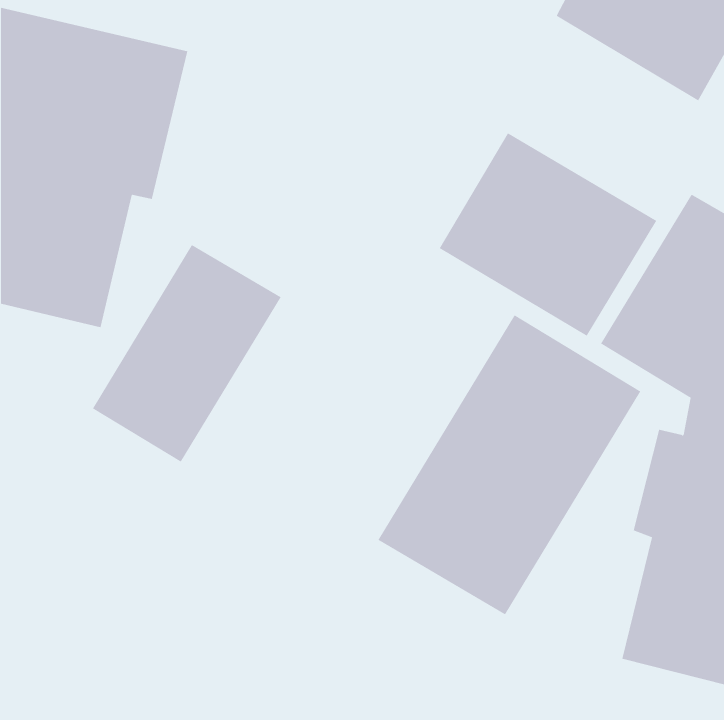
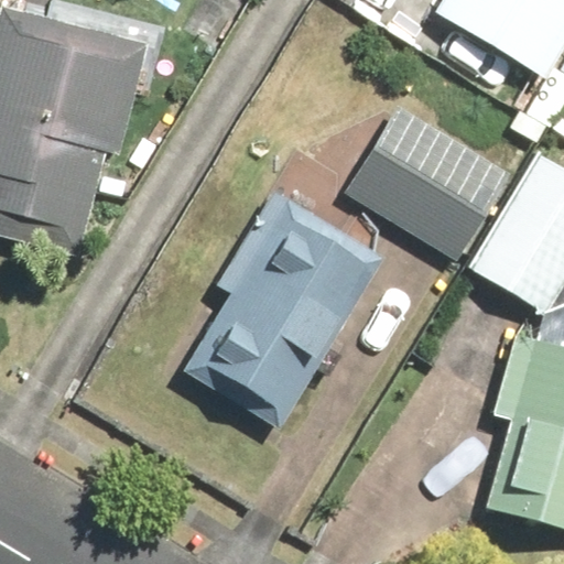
building: [92,244,282,463] -> none
building: [377,314,641,615] -> [180,195,383,427]

